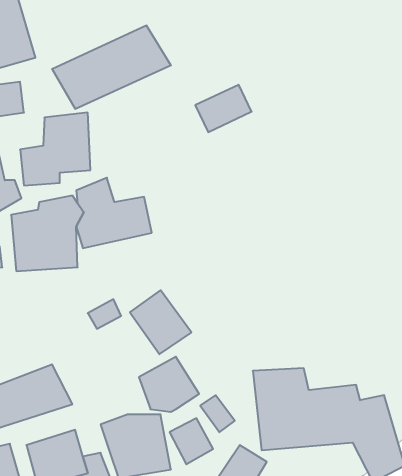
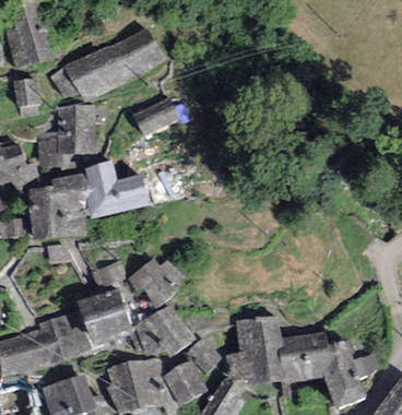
building: [195,85,252,132] -> [133,97,181,138]
building: none -> [80,288,135,346]

